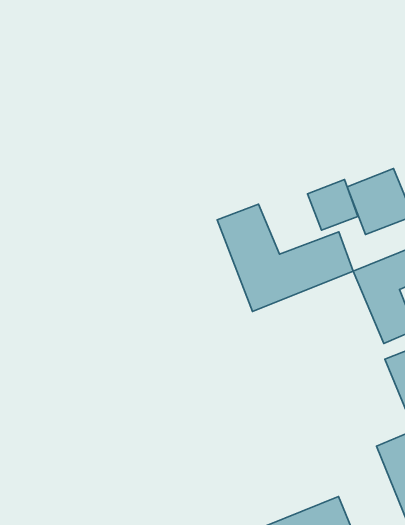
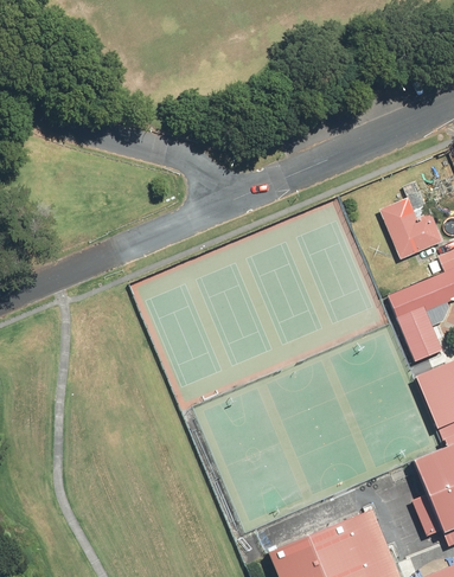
building: [308,180,358,230] -> none
building: [217,204,353,312] -> none

